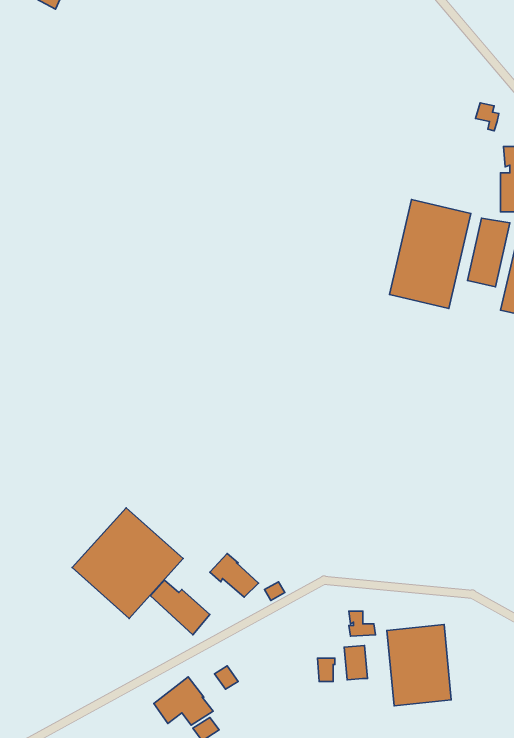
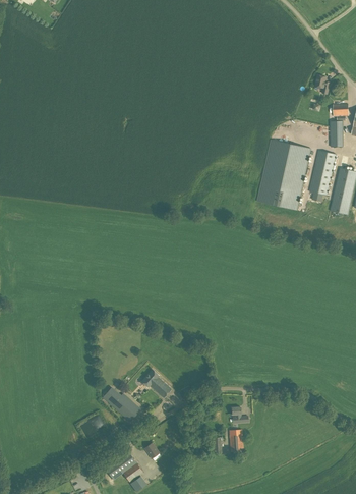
building: [72,508,183,618] -> none
building: [387,625,451,706] -> none

